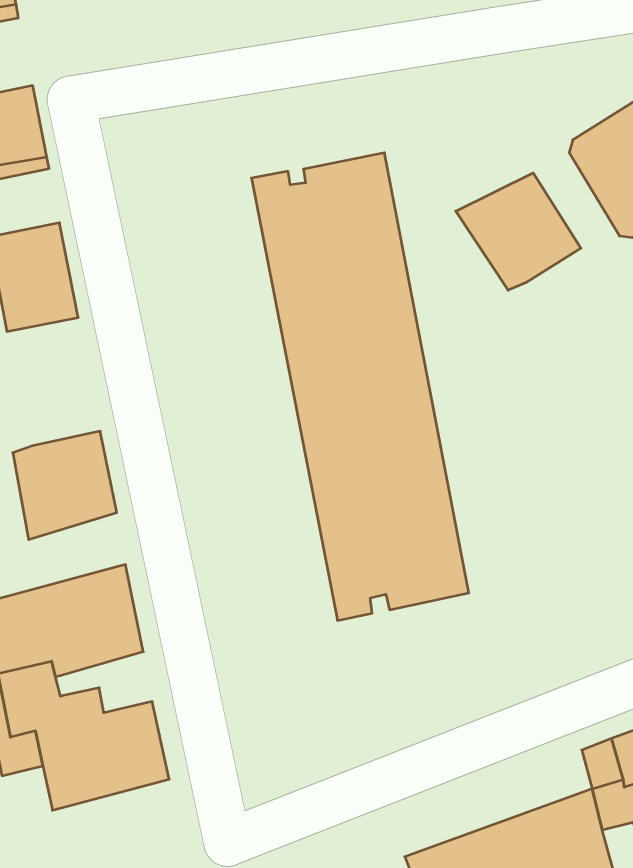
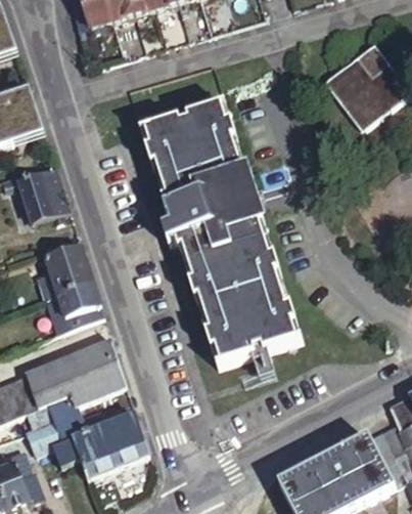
building: [456,173,581,290] -> none
building: none -> [138,122,230,361]
building: none -> [39,244,89,287]

